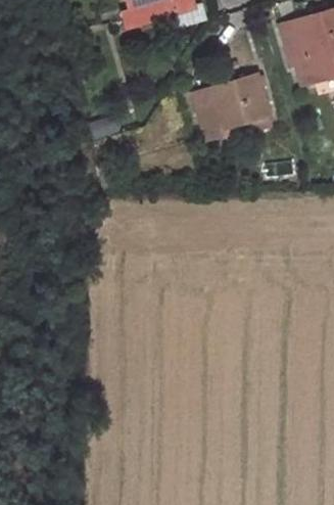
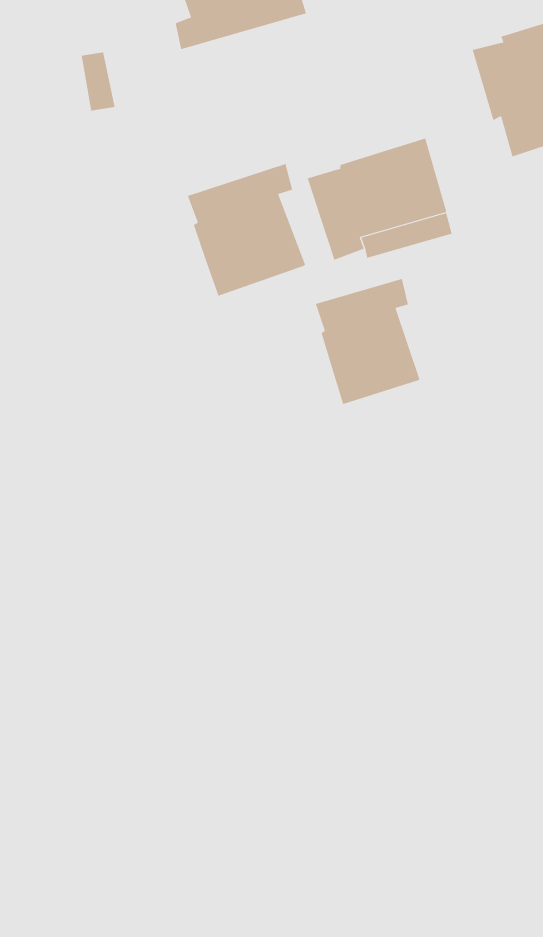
building: none -> [187,163,306,296]
building: none -> [315,278,420,405]

